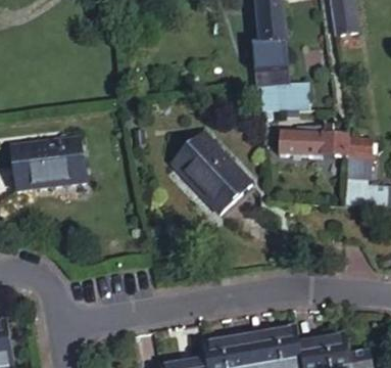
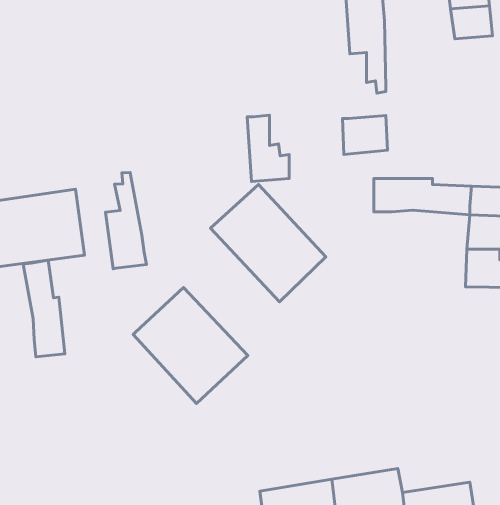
building: [258,44,287,89] -> [247,115,289,181]
building: none -> [105,172,147,269]
building: none -> [23,260,65,357]
building: none -> [133,287,248,404]

